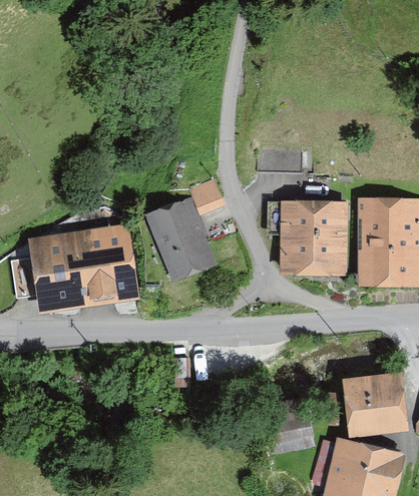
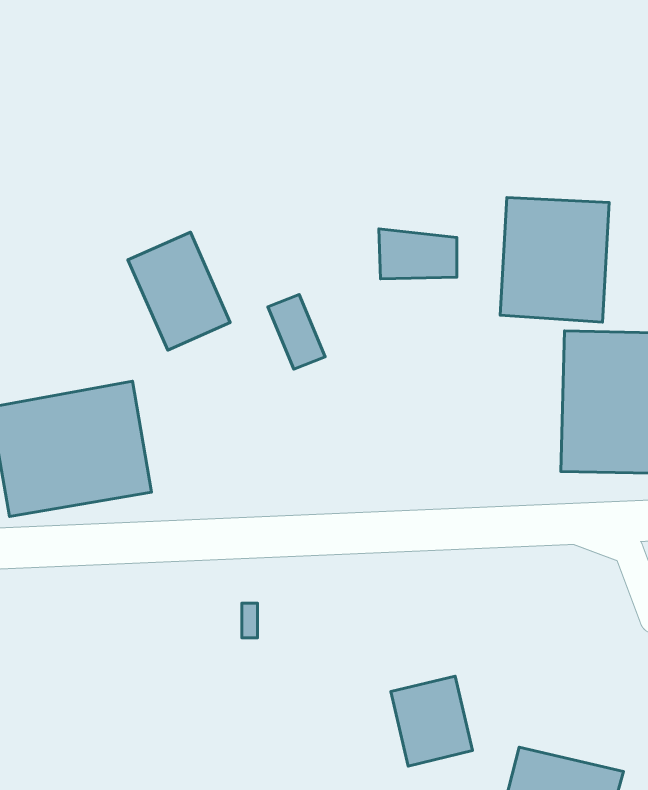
building: [281,202,344,275] -> [500,197,609,322]
building: [153,205,213,274] -> [128,232,230,350]
building: [346,375,403,434] -> none

